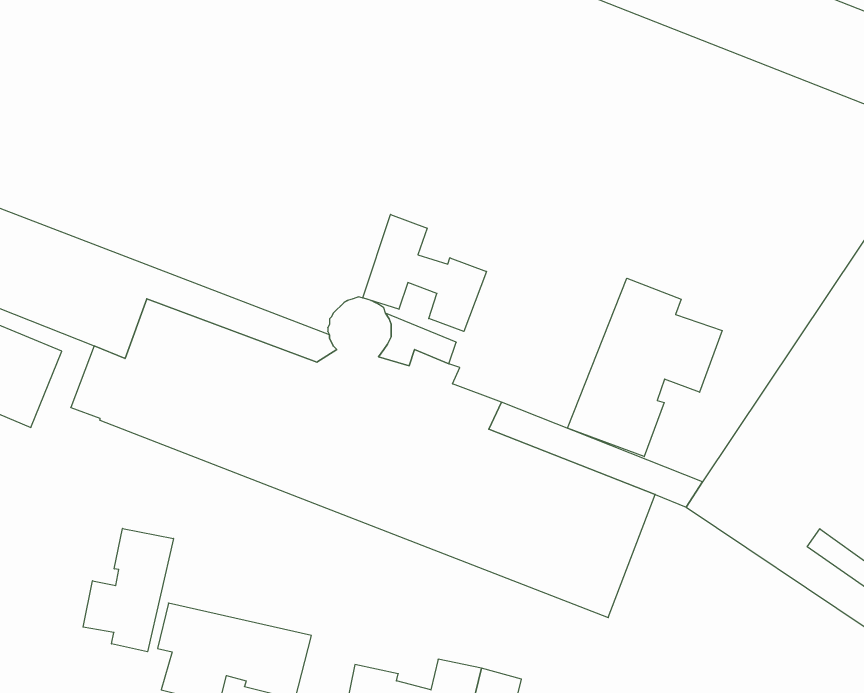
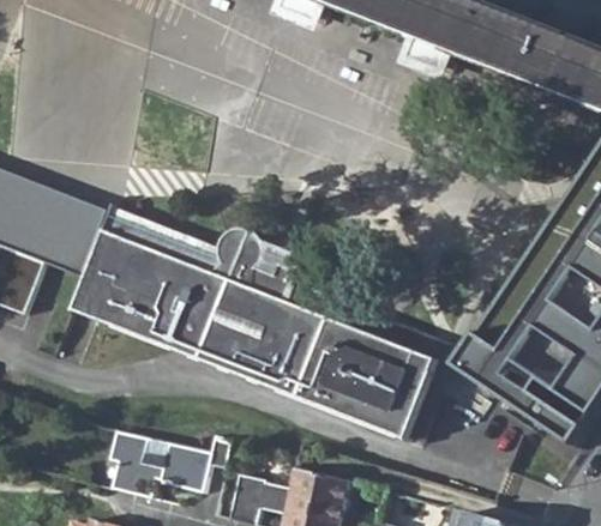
building: [363,214,486,331] -> none
building: [568,278,722,457] -> none
building: [83,528,173,652] -> none

